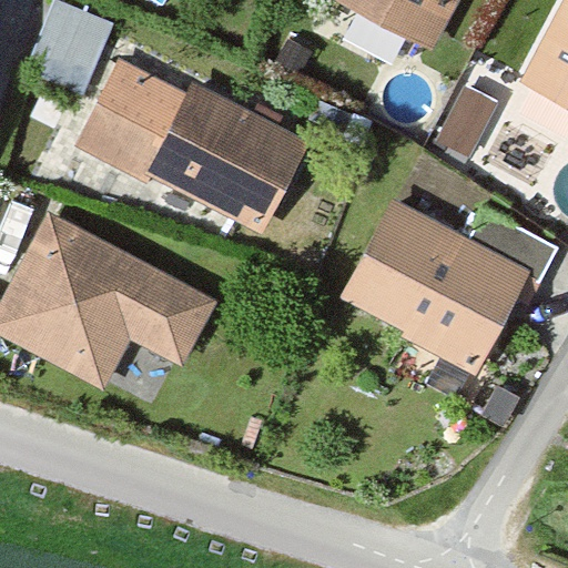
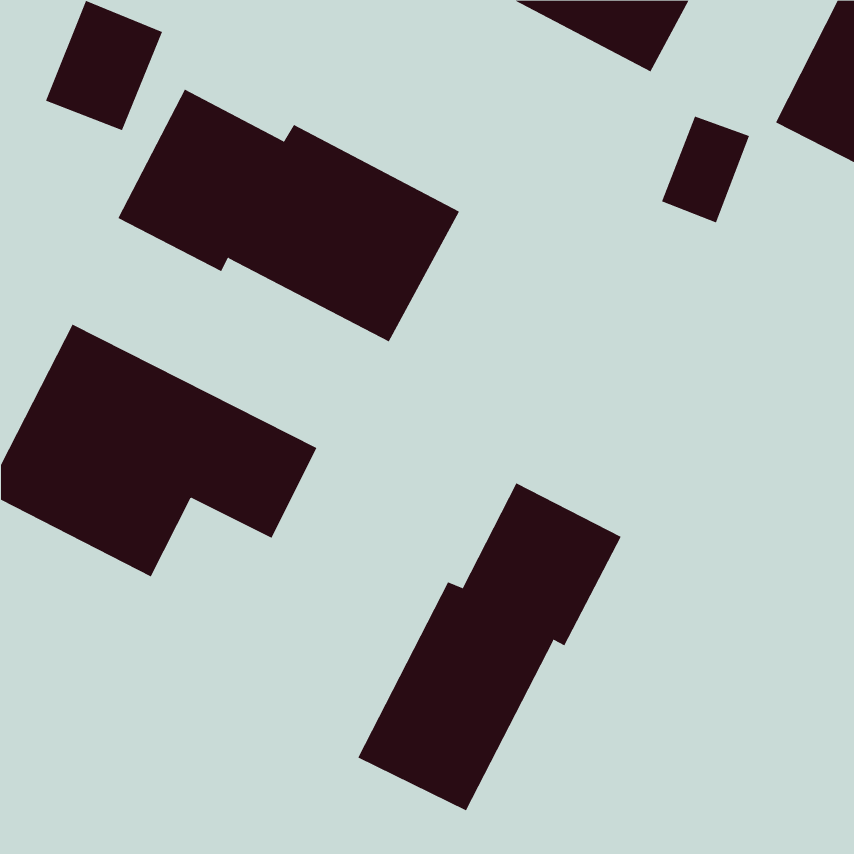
building: [345,202,552,371] -> none
building: none -> [358,482,621,811]

